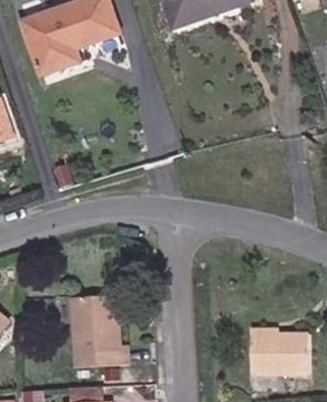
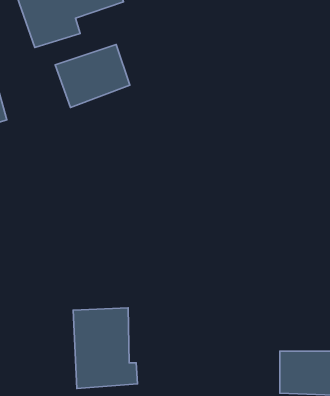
building: none -> [55,44,130,108]

